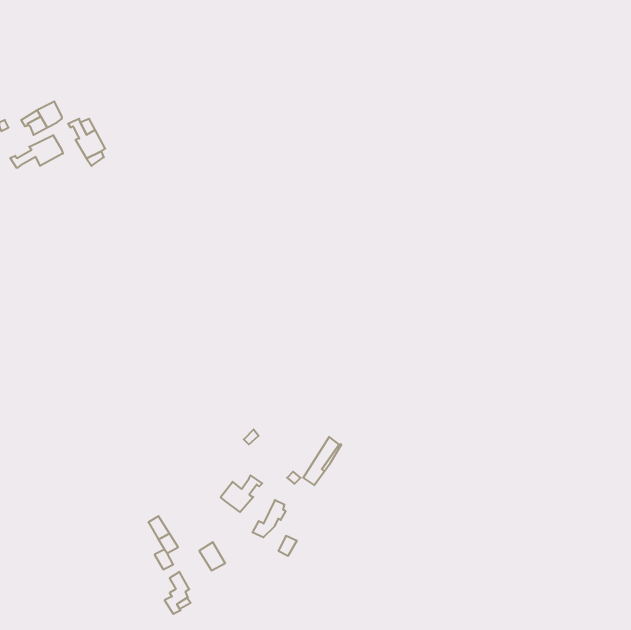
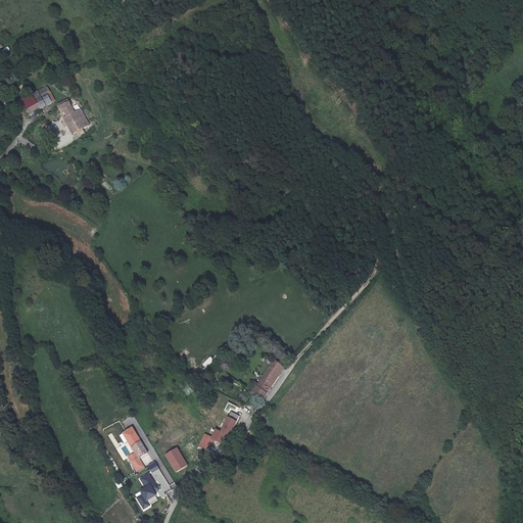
building: [10,135,63,168] -> none
building: [221,475,262,512] -> none

